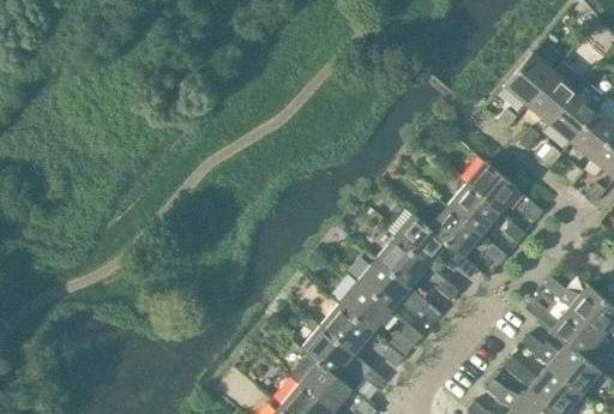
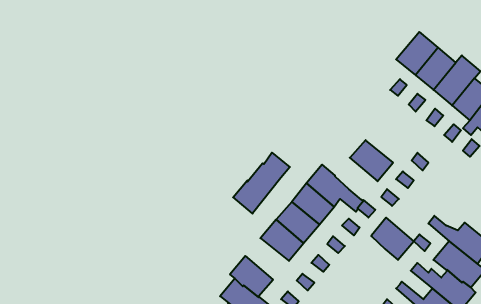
building: [466,162,519,212] -> none
building: none -> [233,153,290,214]
building: [429,206,481,258] -> [371,218,414,260]
building: [320,305,373,355] -> none

